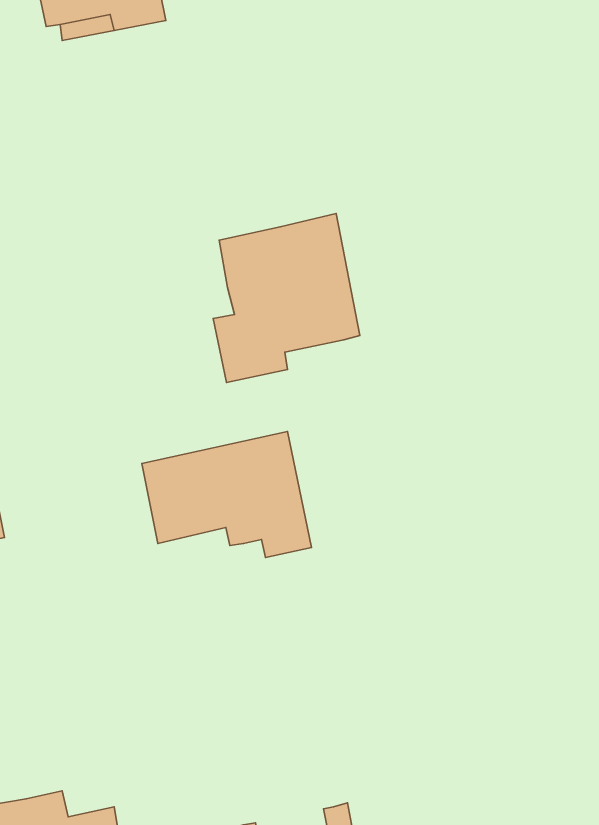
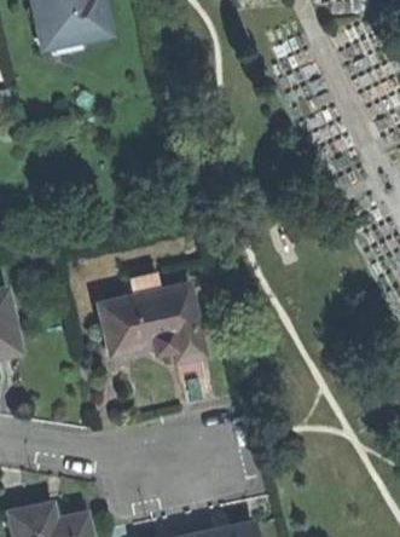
building: [213,214,360,382] -> none

